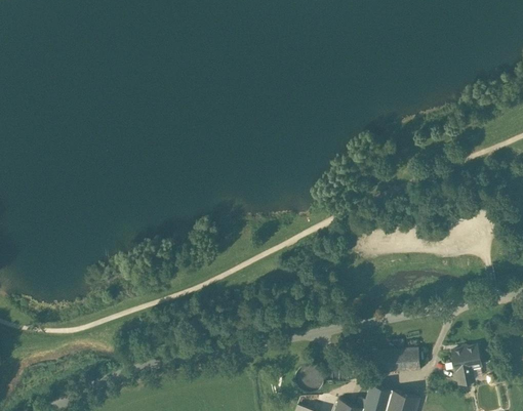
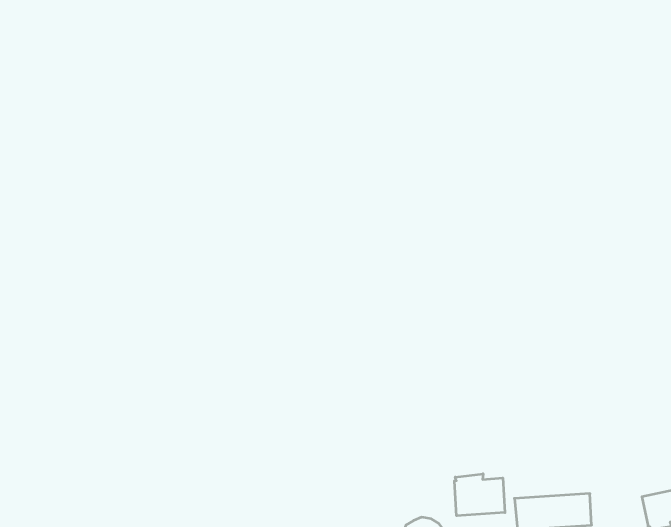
building: none -> [454,474,505,516]

